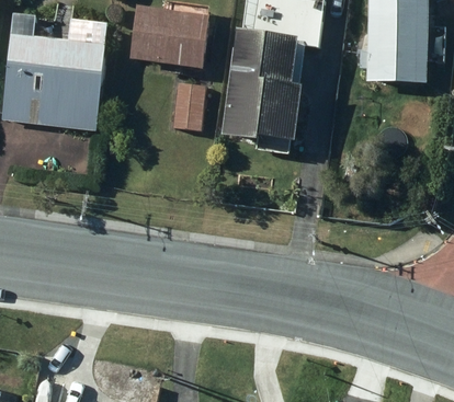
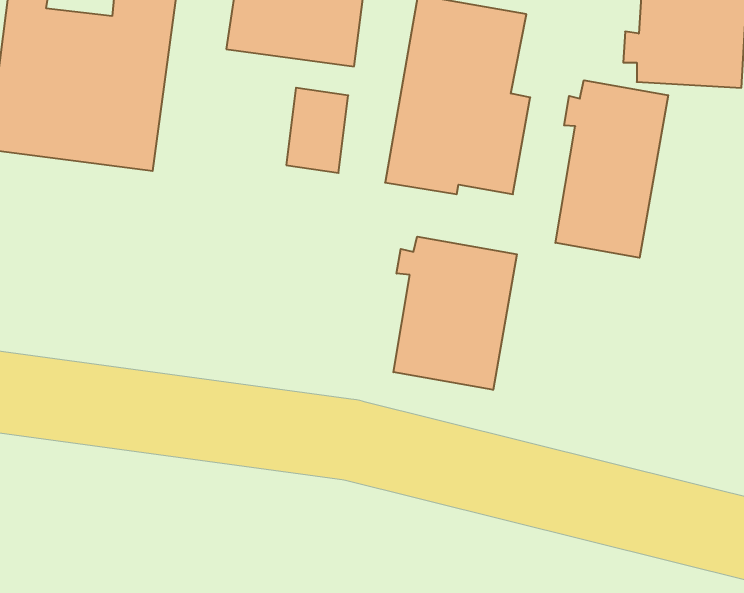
building: none -> [555,80,668,258]
building: none -> [393,237,517,390]

